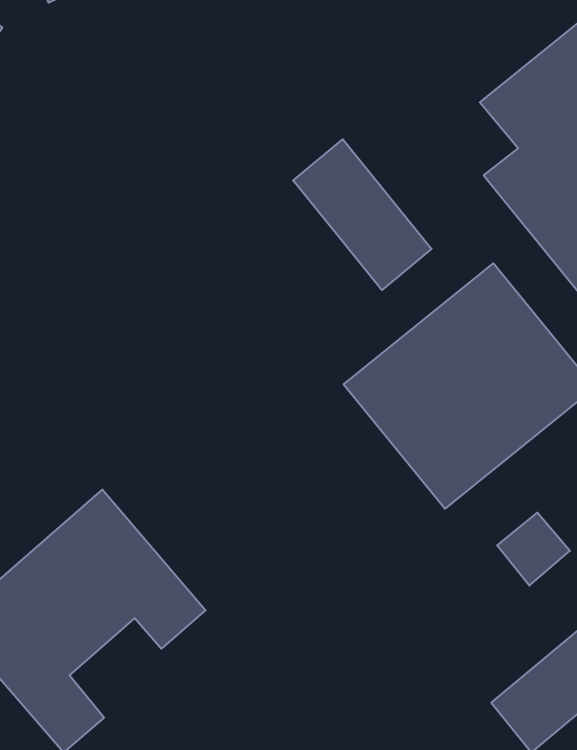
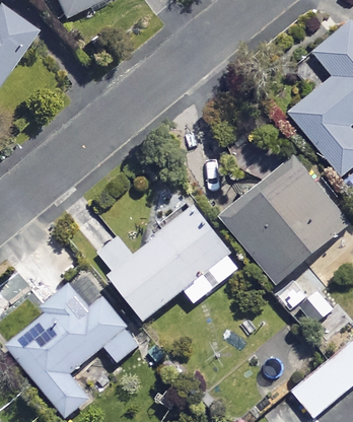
building: [293,139,432,290] -> none
building: none -> [100,205,240,321]

